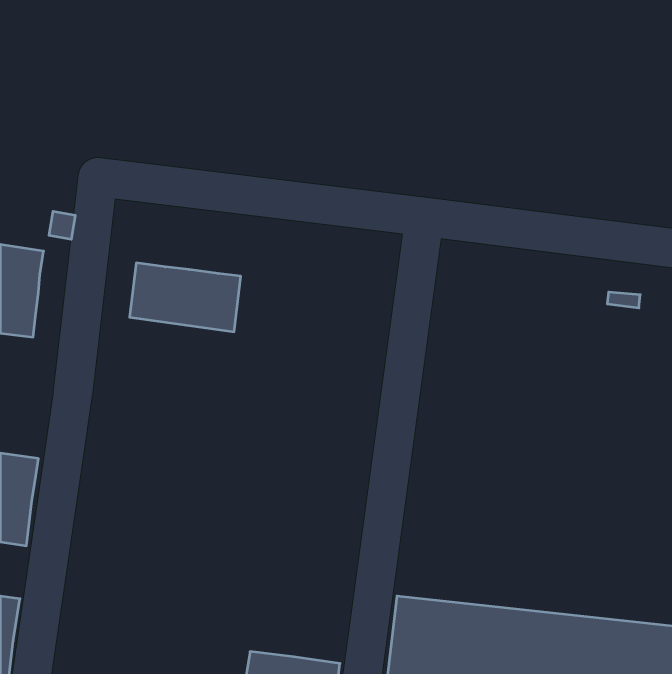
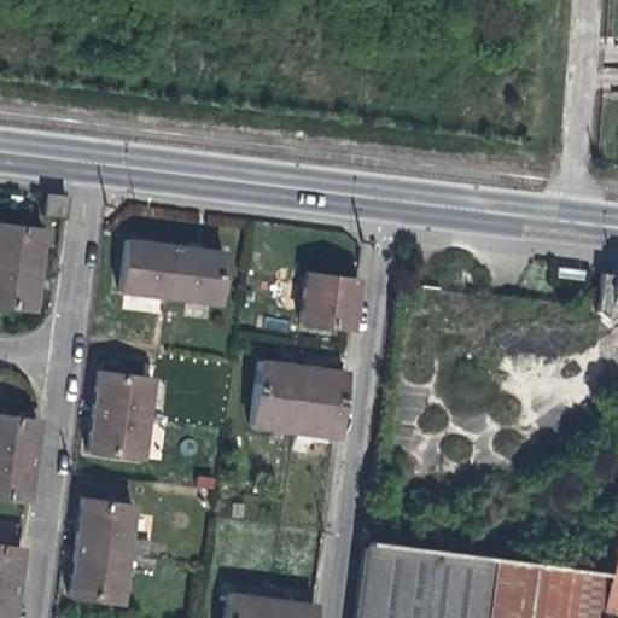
building: none -> [299,276,358,327]
building: none -> [255,362,346,437]
building: none -> [91,373,151,456]
building: none -> [71,500,134,602]

